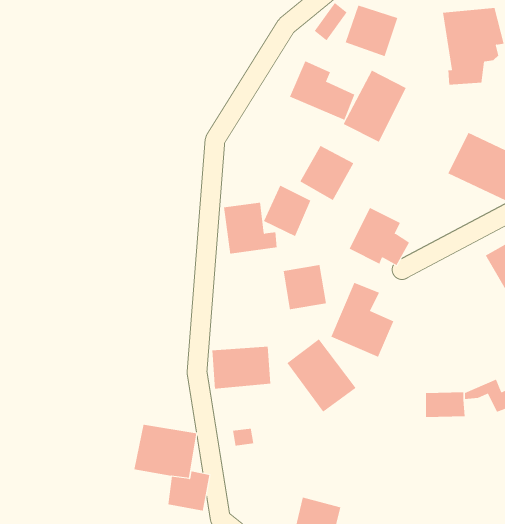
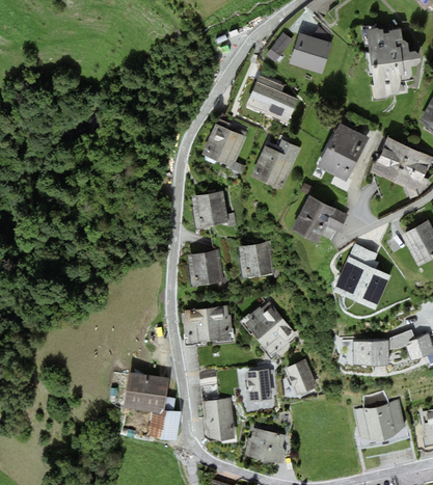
building: [343,70,406,142] -> [318,123,369,181]
building: [263,185,311,237] -> [209,127,247,168]
building: none -> [188,249,225,286]
building: [331,282,394,358] -> [335,246,386,306]
building: none -> [283,360,316,396]
building: none -> [246,369,272,399]
building: none -> [202,399,234,438]
building: none -> [352,399,403,437]

